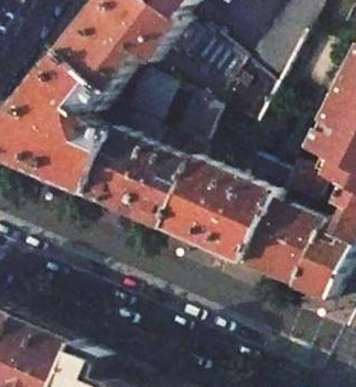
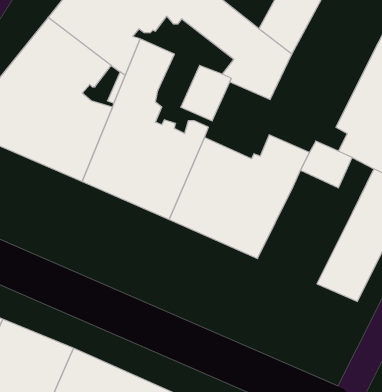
building: [236,198,319,283] -> none

